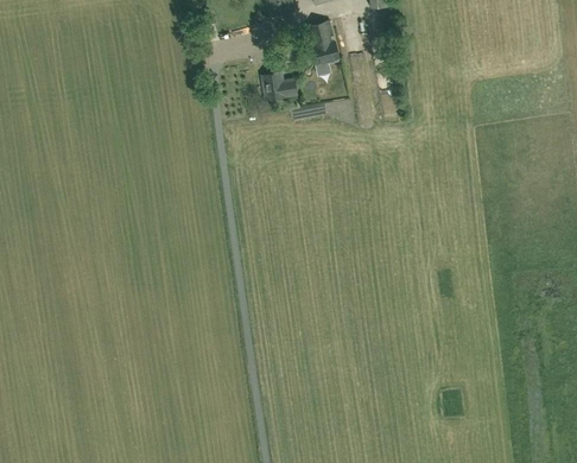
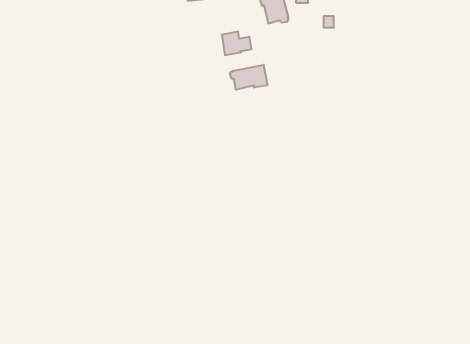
building: none -> [230,65,267,90]

